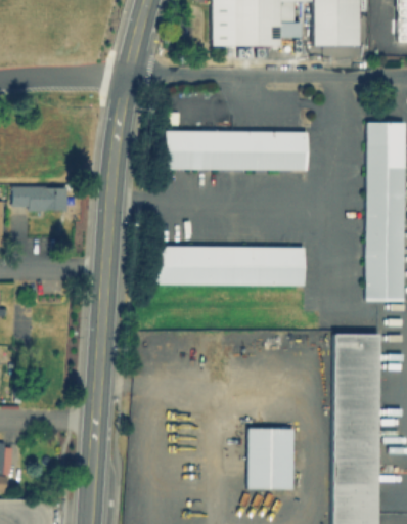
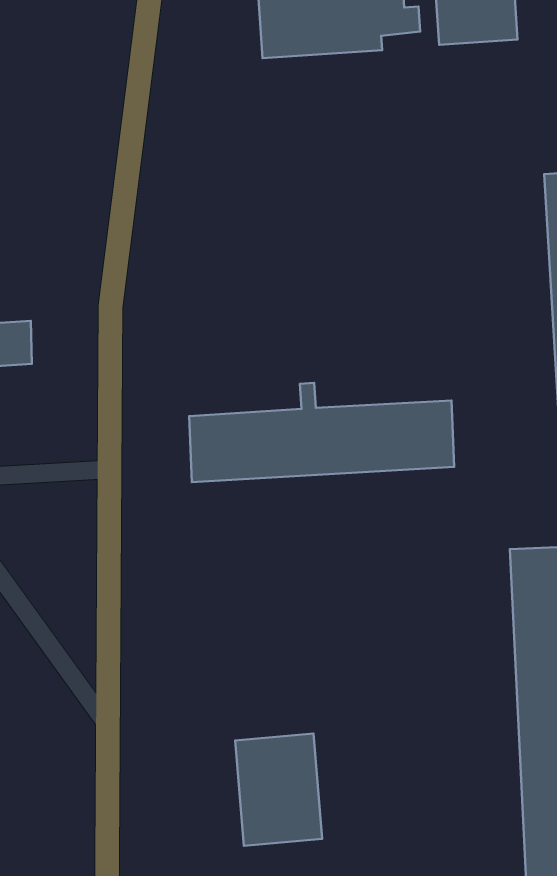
building: [167,131,310,170] -> none
building: [250,429,296,490] -> [235,734,322,846]

